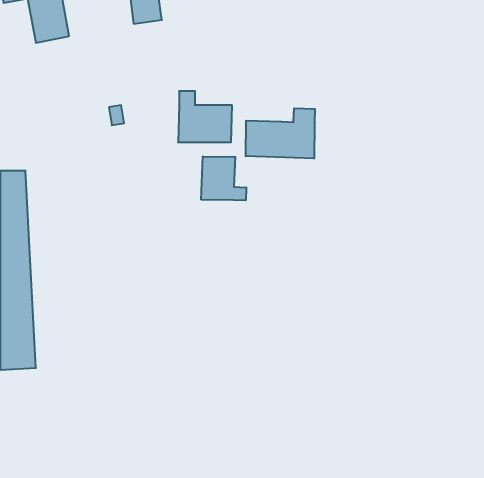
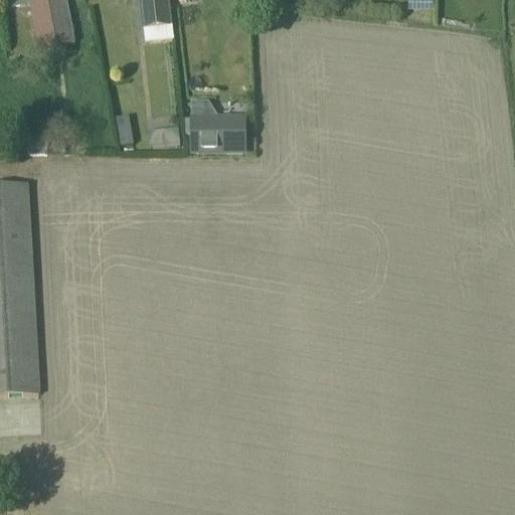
building: [246,108,315,159] -> none
building: [201,156,246,200] -> none

